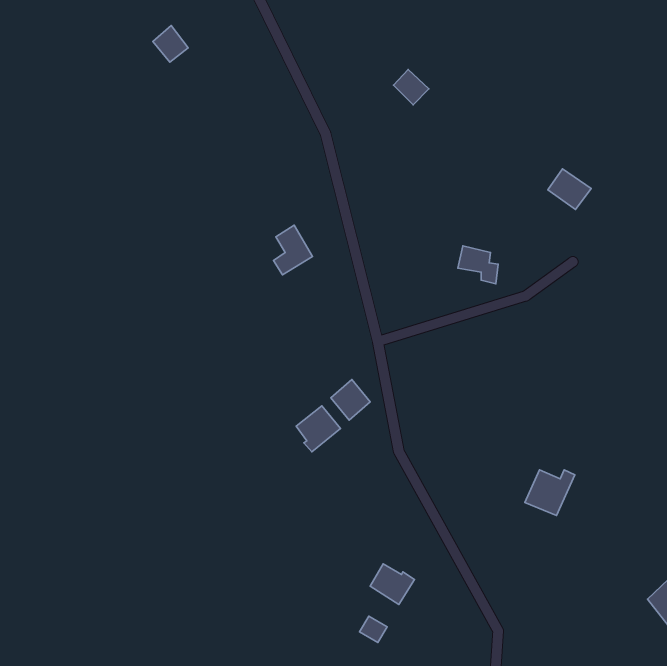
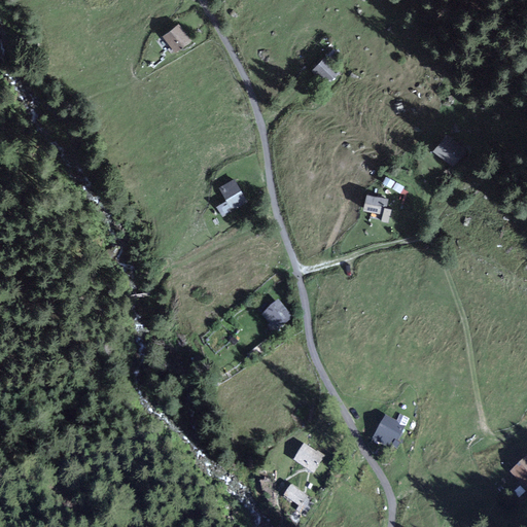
building: [153,26,188,62] -> [162,23,189,51]
building: [296,406,341,452] -> none
building: [525,470,575,516] -> [372,414,411,450]

